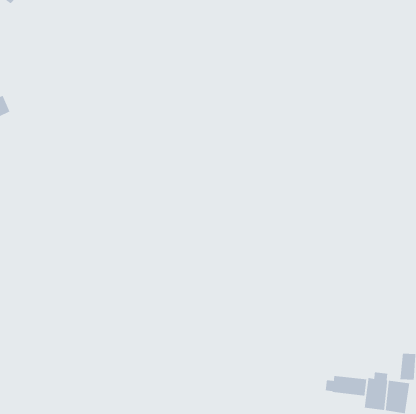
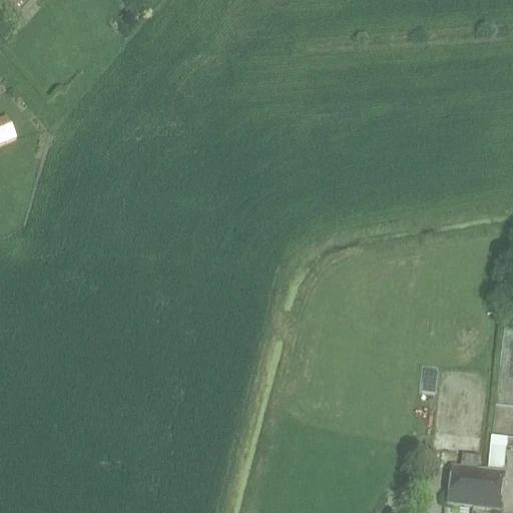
building: [325,375,367,397] -> none

